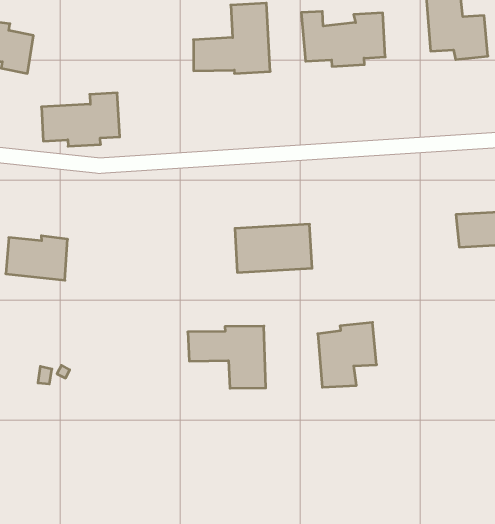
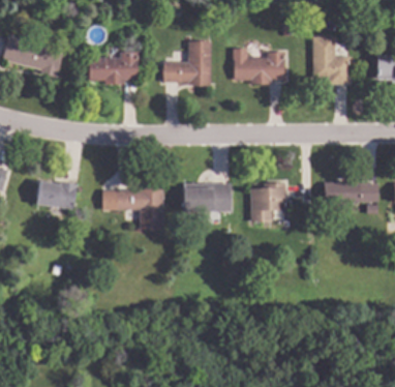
building: [41,93,120,146] -> [89,52,138,84]
building: [318,322,377,387] -> [249,183,285,222]
building: [188,326,266,388] -> [115,188,163,229]

